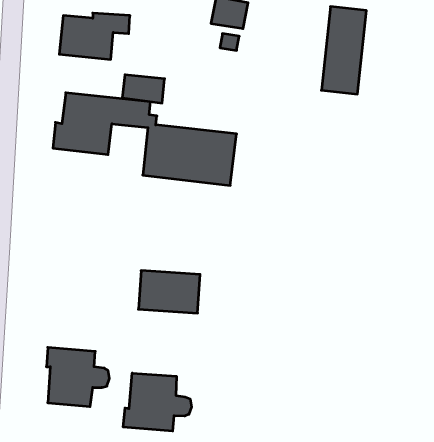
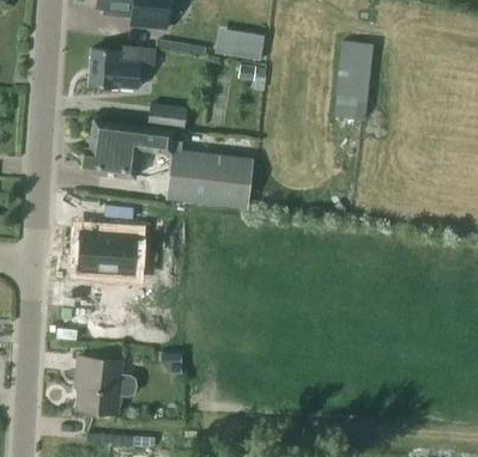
building: [138,271,200,313] -> [73,232,131,272]
building: [123,373,192,431] -> none

